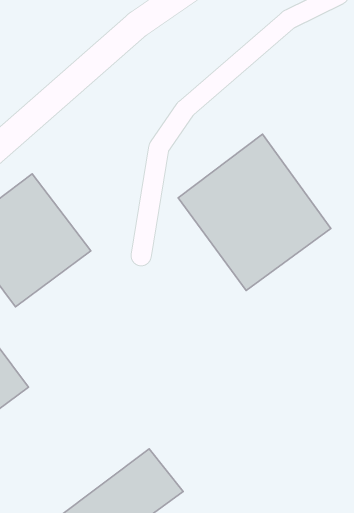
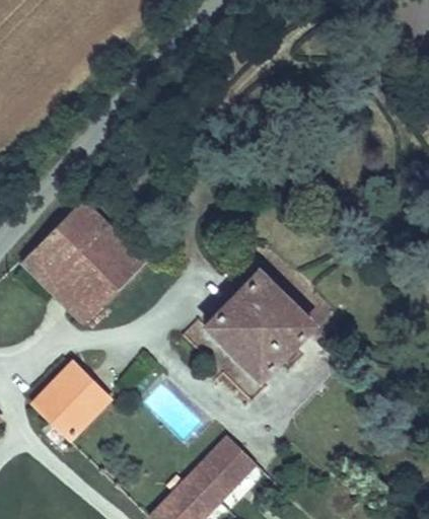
building: [178,134,331,291] -> none
building: none -> [203,273,308,378]

